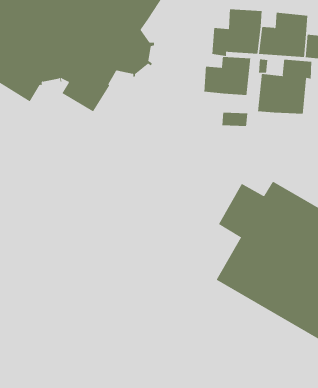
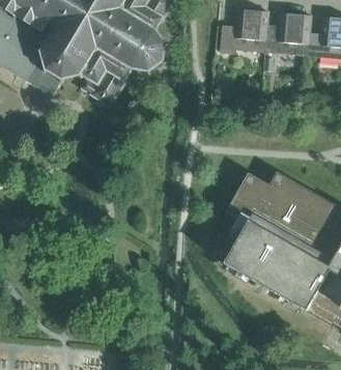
building: [204,56,251,96] -> none
building: [258,59,312,114] -> none

